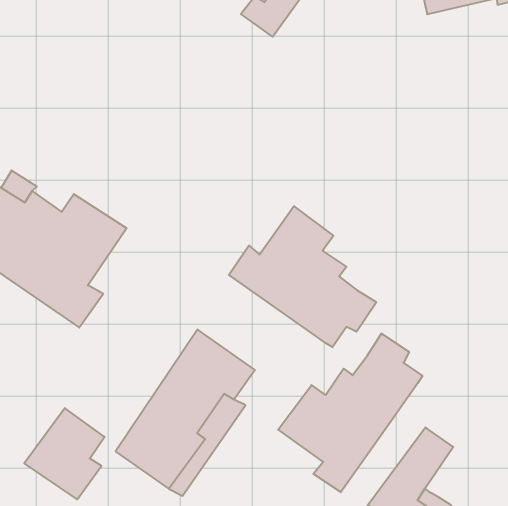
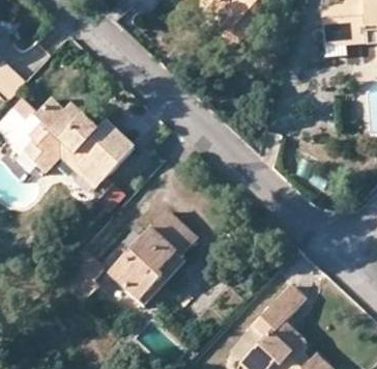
building: [229,206,376,347] -> none
building: [278,333,422,492] -> none

